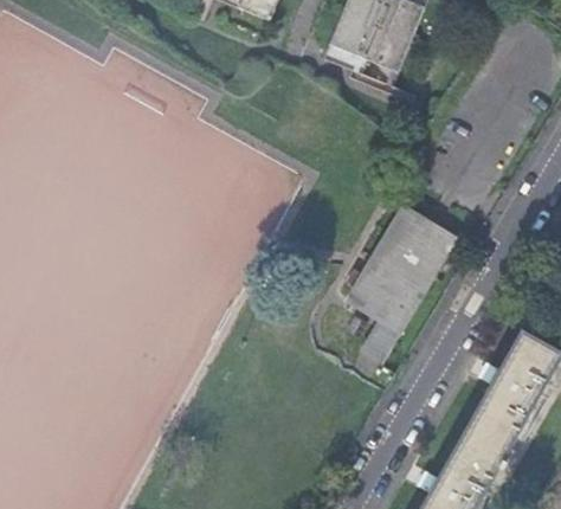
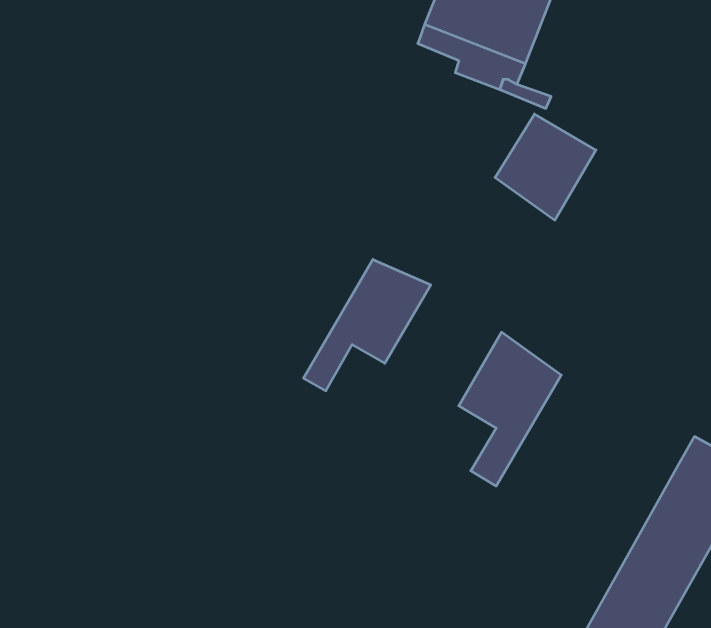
building: none -> [304,259,431,391]
building: [388,211,458,284] -> [495,114,596,220]

